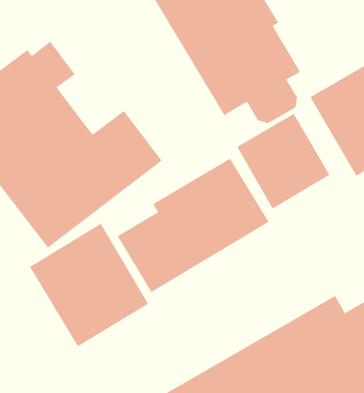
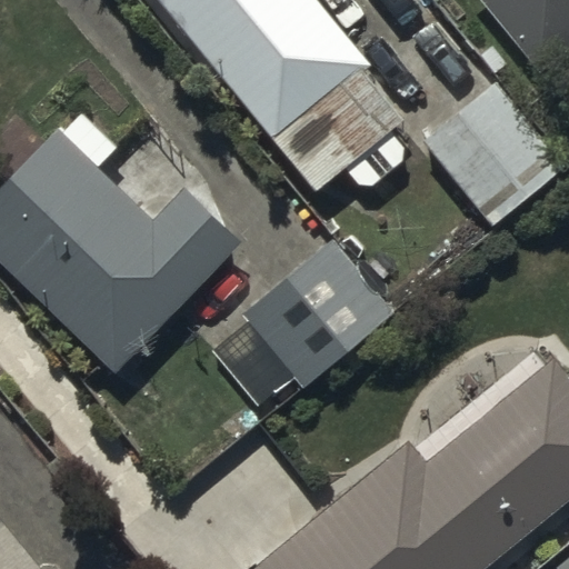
building: [236,113,330,209] -> none
building: [29,223,149,347] -> none

